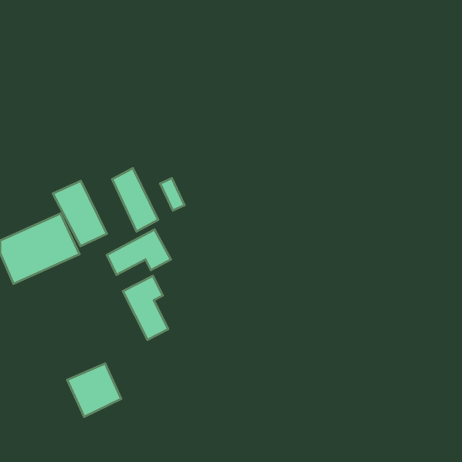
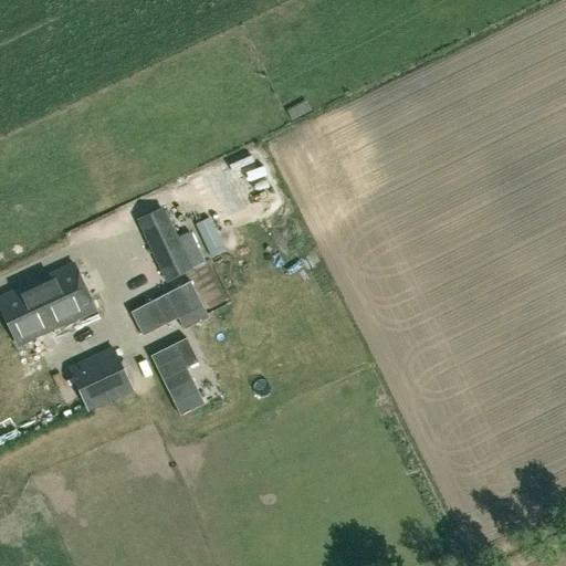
building: [53,181,107,246] -> none
building: [67,363,121,417] -> [67,347,134,412]

